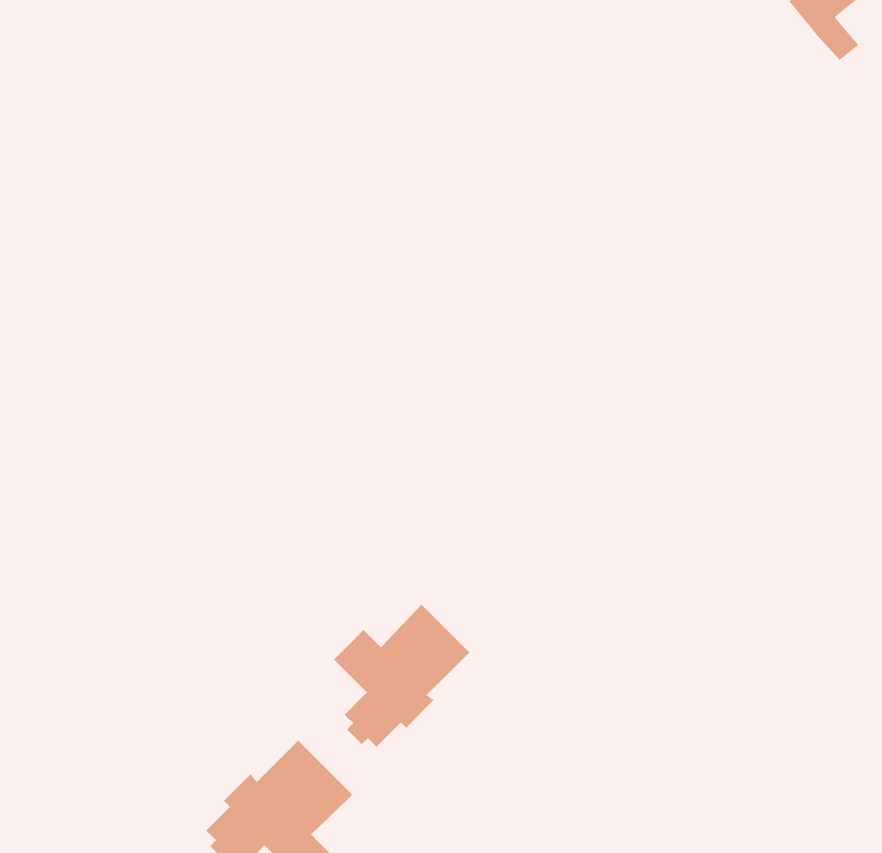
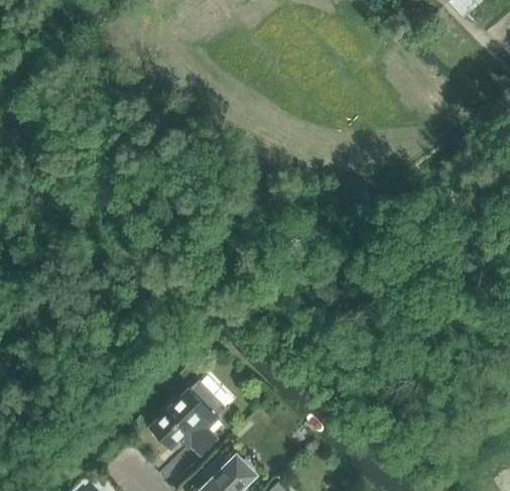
building: [333,604,470,748] -> none

